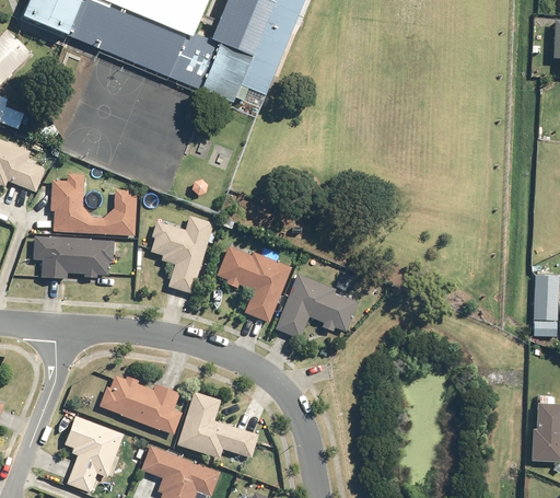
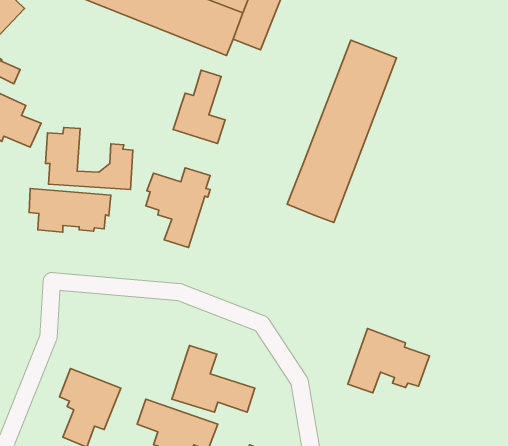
building: none -> [287,40,396,223]
building: none -> [173,70,225,143]
building: [217,245,292,323] -> none
building: [276,273,358,337] -> [348,329,430,393]
building: [100,374,182,435] -> none

